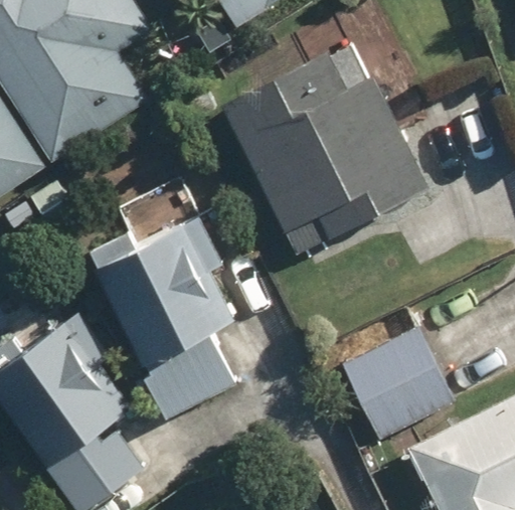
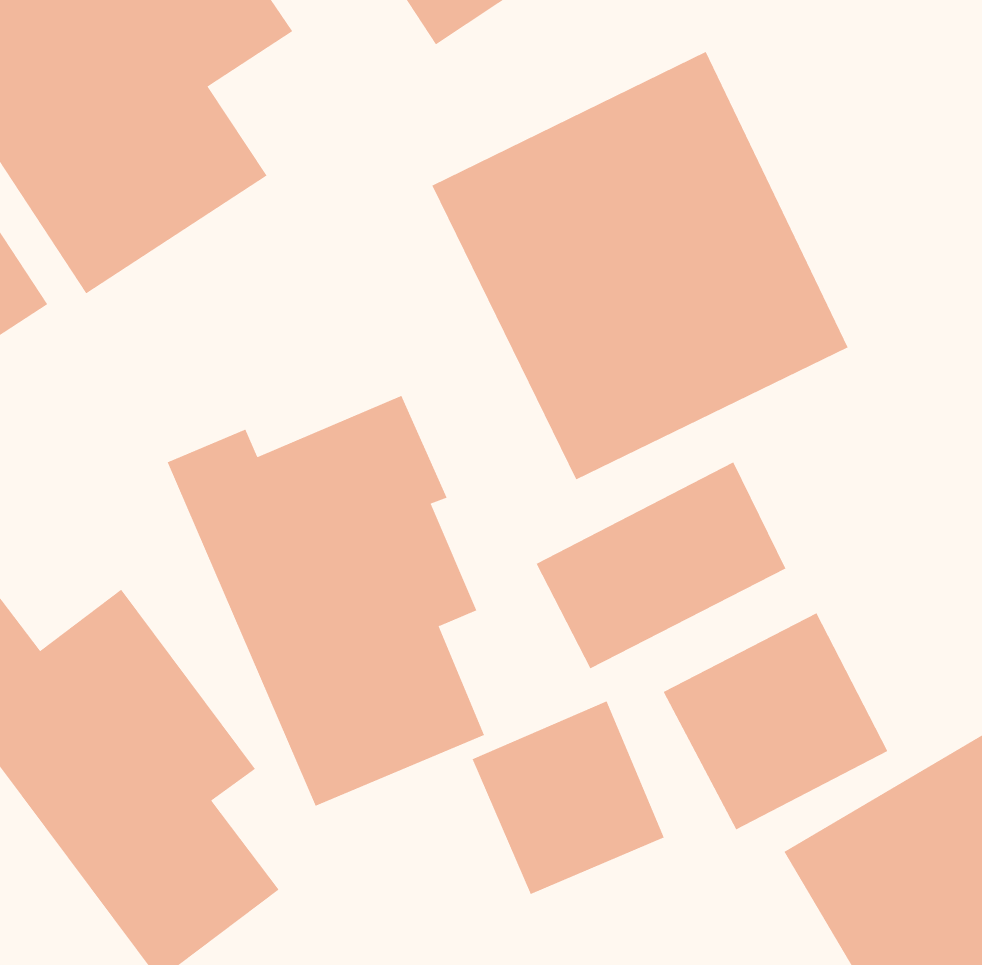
building: none -> [536,461,786,669]
building: none -> [472,701,664,895]

